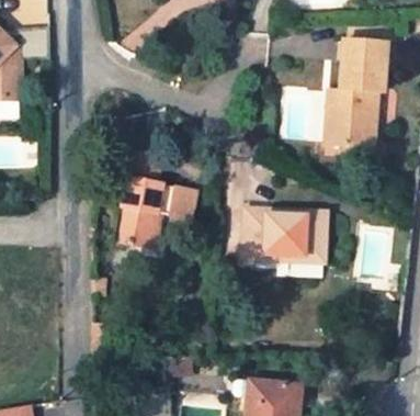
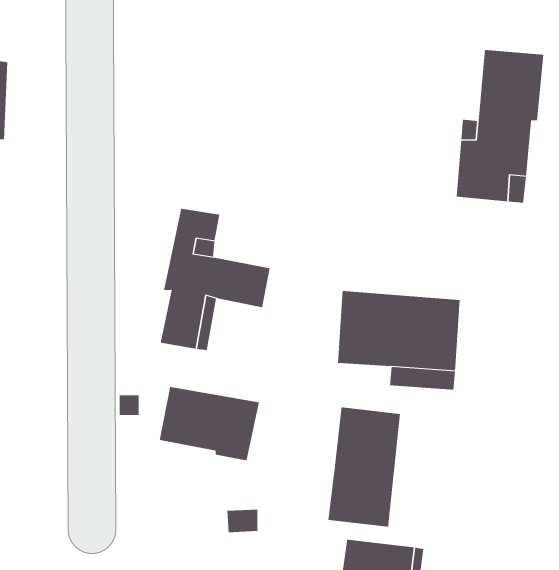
building: none -> [159,386,259,461]
building: none -> [328,407,401,528]

